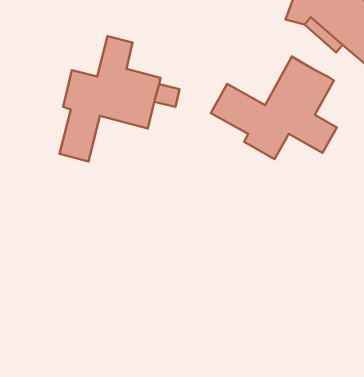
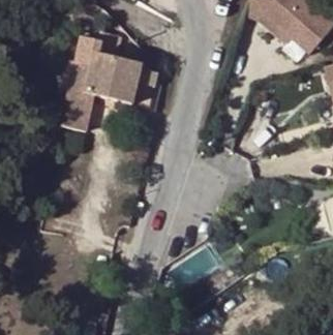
building: [211,57,337,159] -> none

